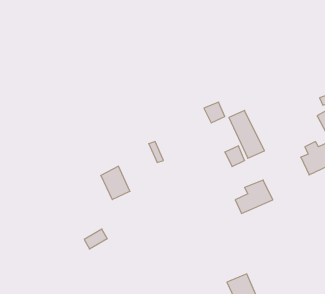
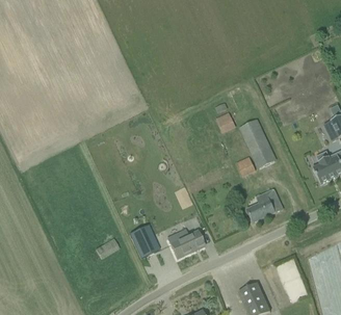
building: [101,166,130,200] -> [130,224,159,257]
building: none -> [167,228,205,257]

